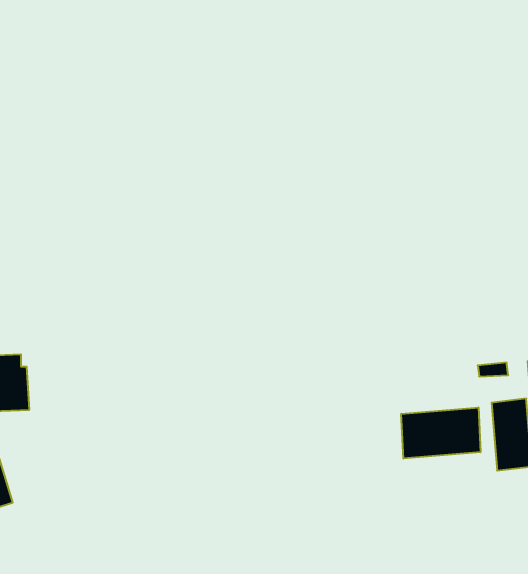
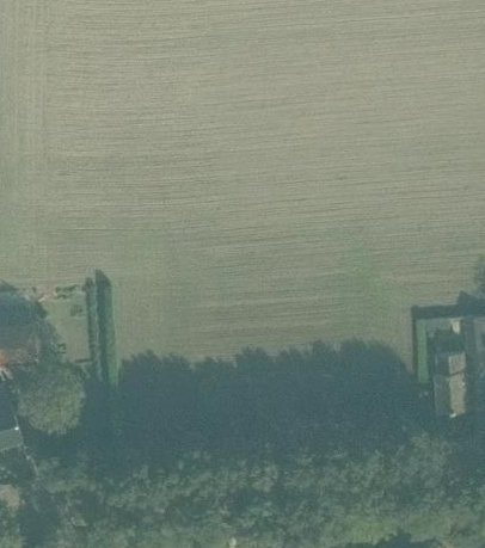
building: [401,407,480,459] -> none

